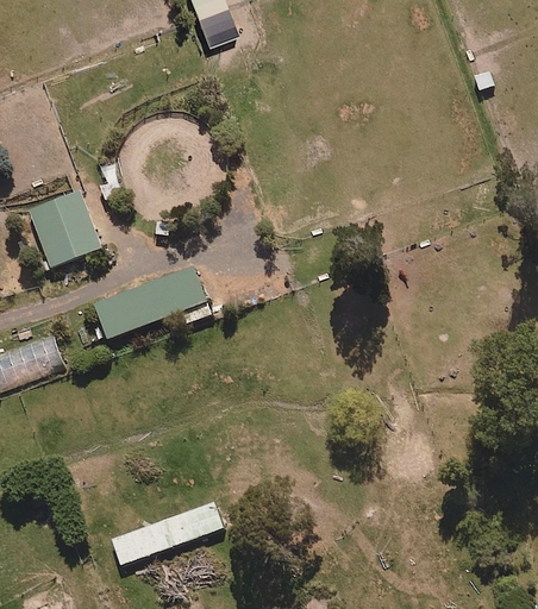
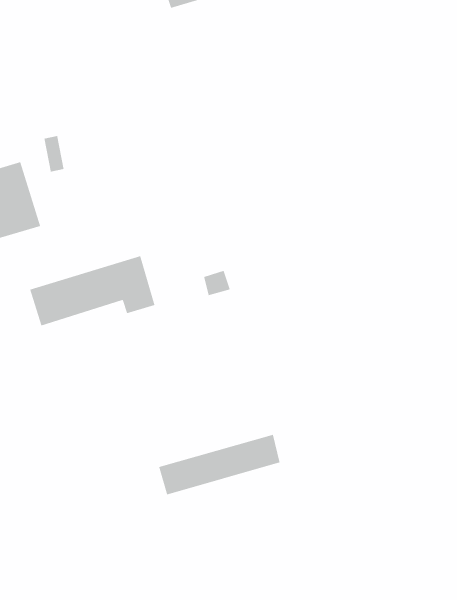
building: [110,502,221,565] -> [158,434,280,496]

